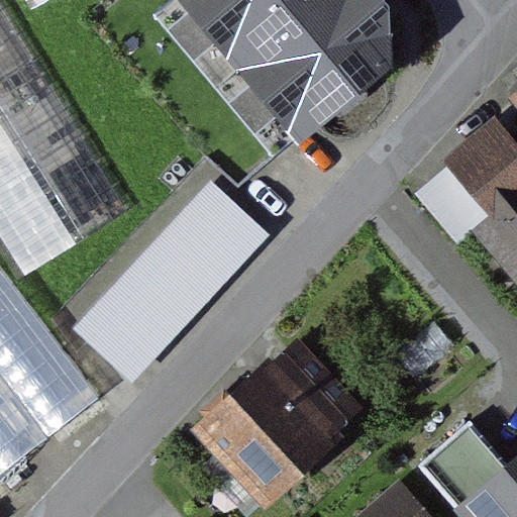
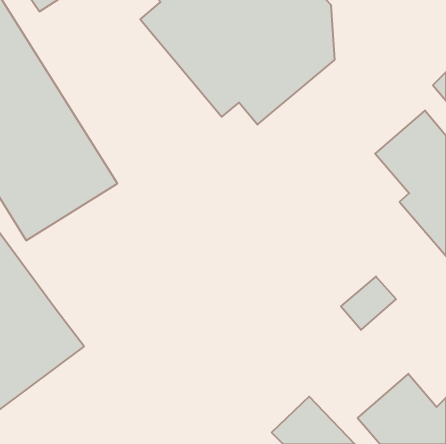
building: [79,181,268,380] -> none
building: [187,343,344,500] -> none

